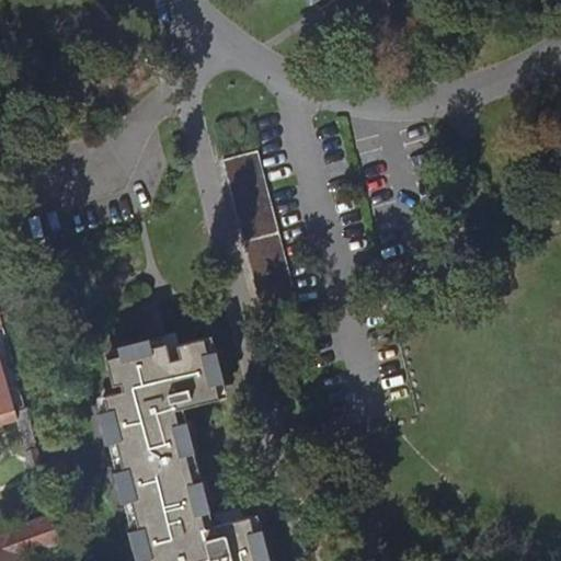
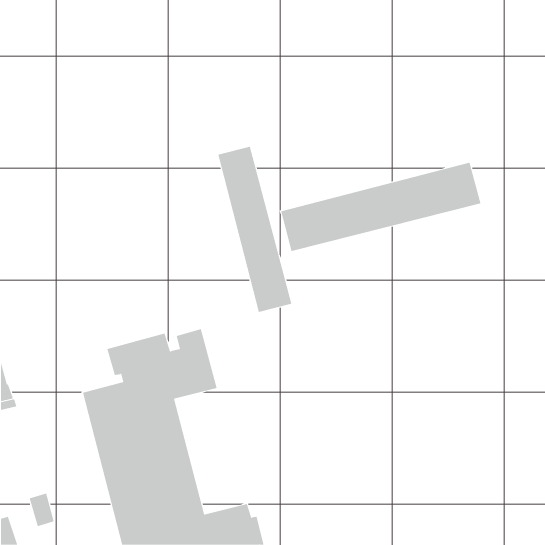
building: none -> [281,162,481,252]

